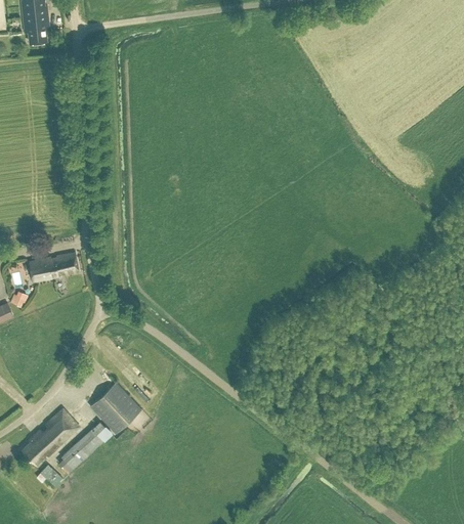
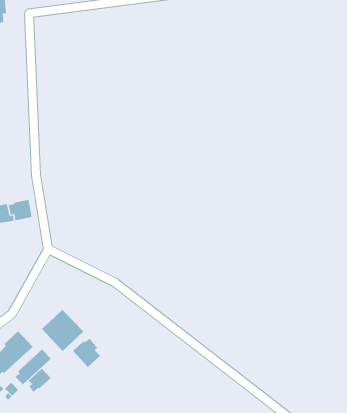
building: none -> [72,338,101,368]
building: none -> [28,368,51,393]

